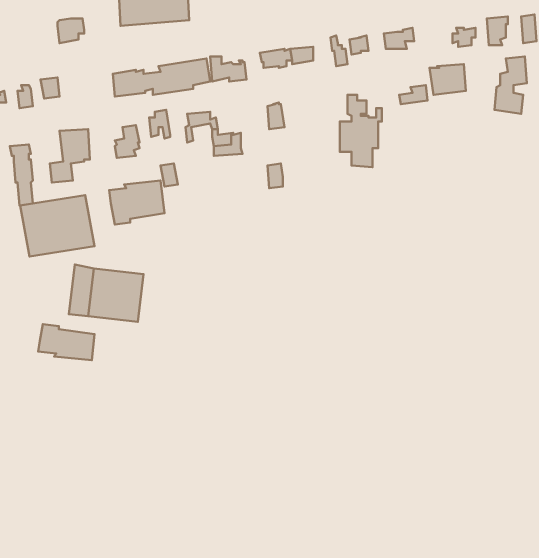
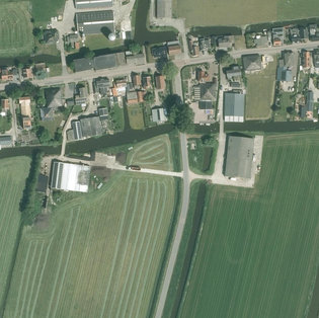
building: none -> [225,90,244,122]
building: [20,195,95,256] -> none
building: none -> [225,136,254,178]
building: [38,324,95,360] -> none

